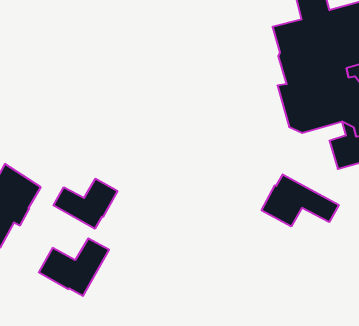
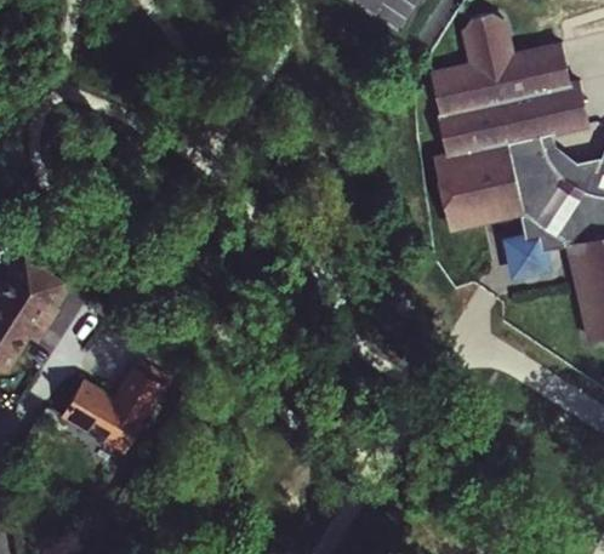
building: [262,174,339,226] -> none
building: [53,179,117,229] -> none

